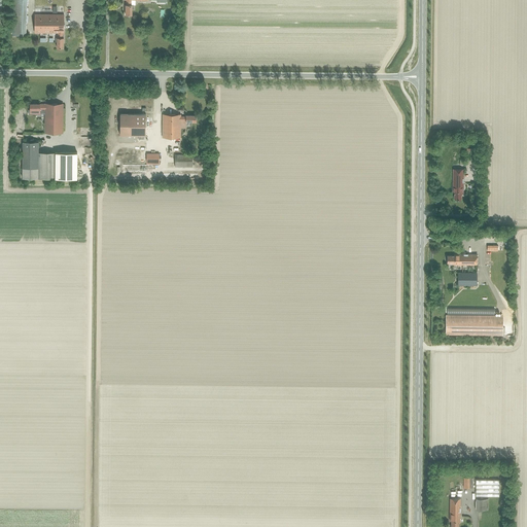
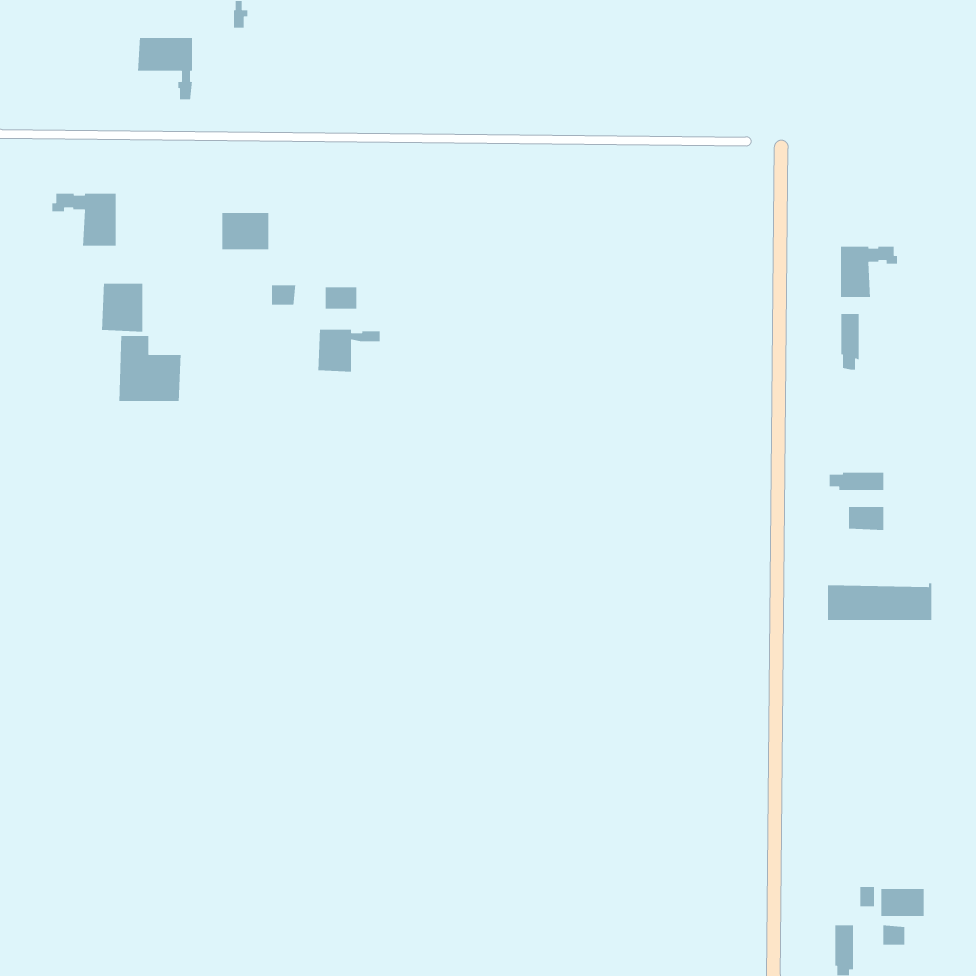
building: [34,14,64,48] -> [137,37,193,100]
building: [162,114,196,138] -> [317,329,380,373]
building: none -> [840,246,898,298]
building: [22,142,56,178] -> [118,335,182,402]

